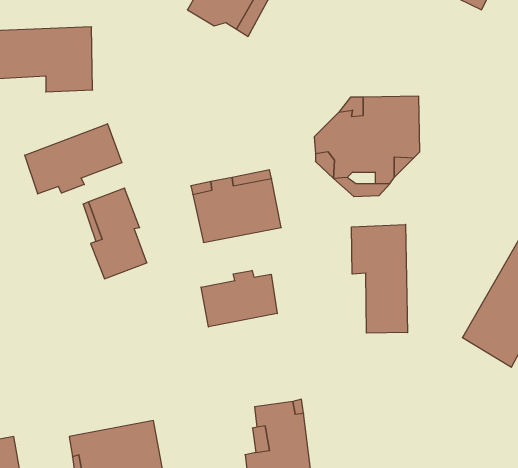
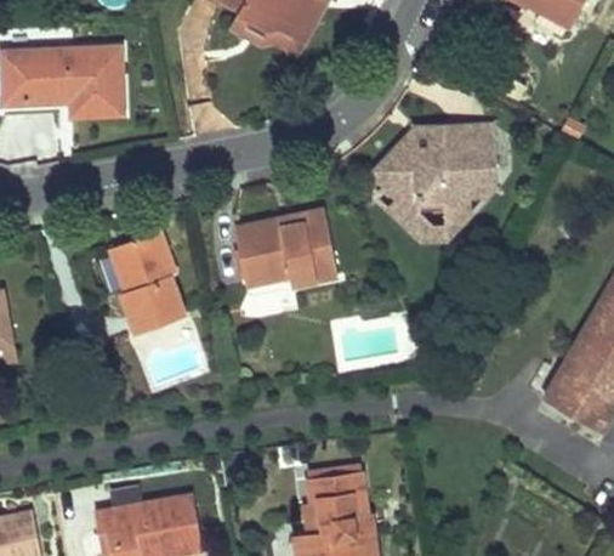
building: [25,124,122,194] -> none
building: [352,224,408,333] -> none
building: [201,270,277,327] -> none

